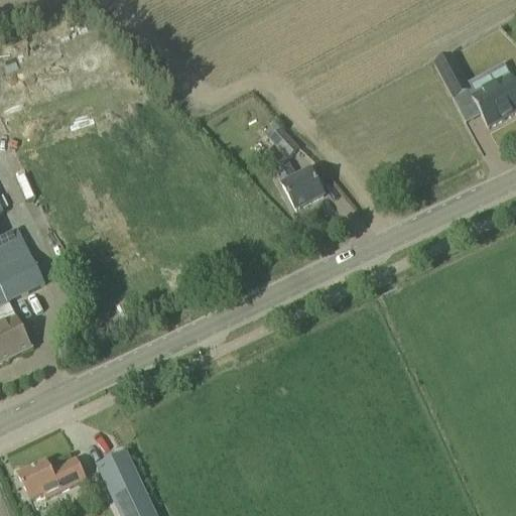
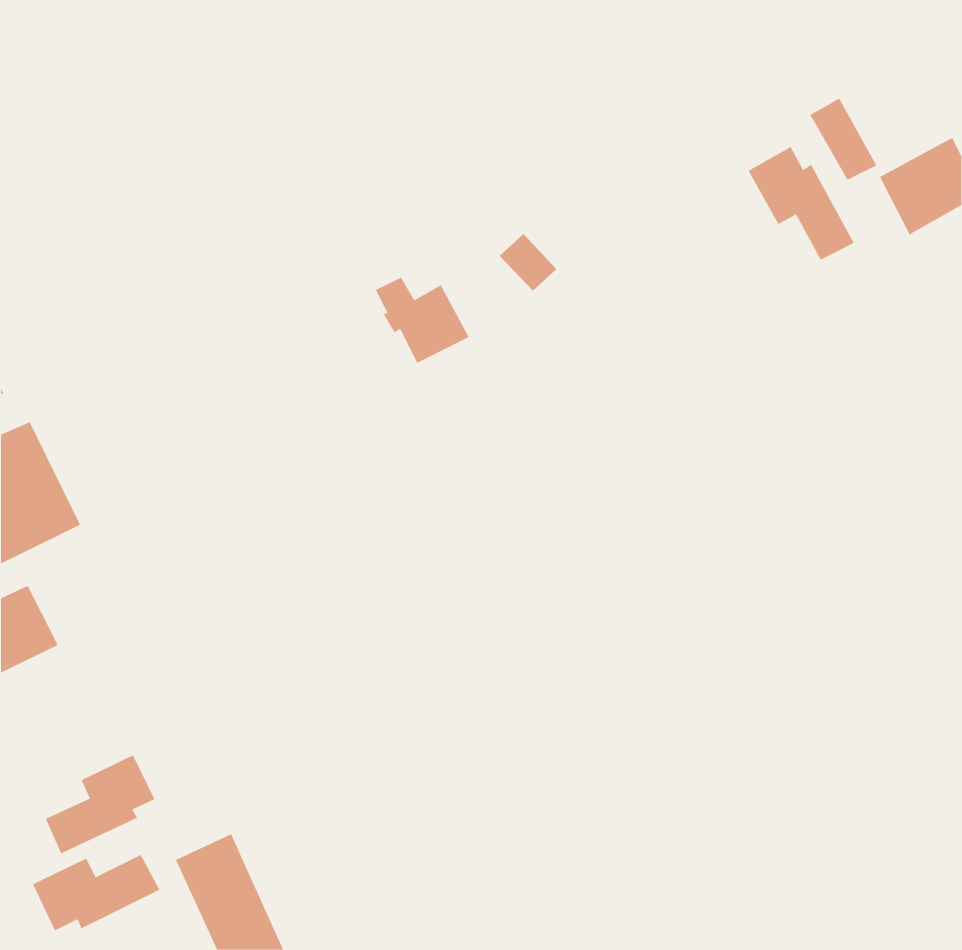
building: none -> [748,146,855,261]
building: [273,161,324,208] -> [375,277,469,363]
building: none -> [45,754,155,854]

